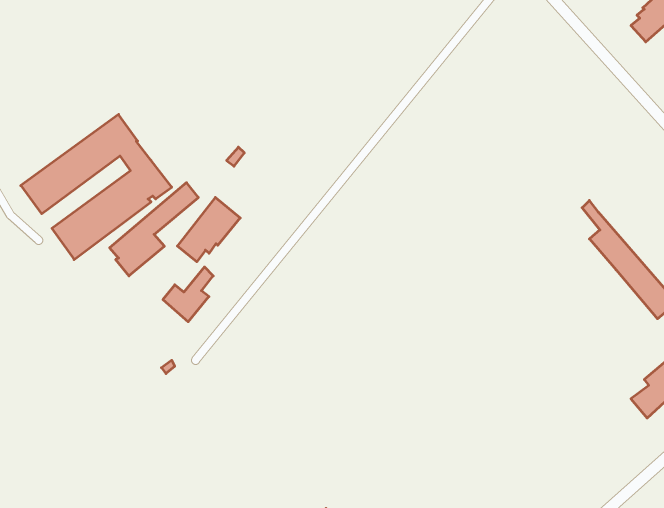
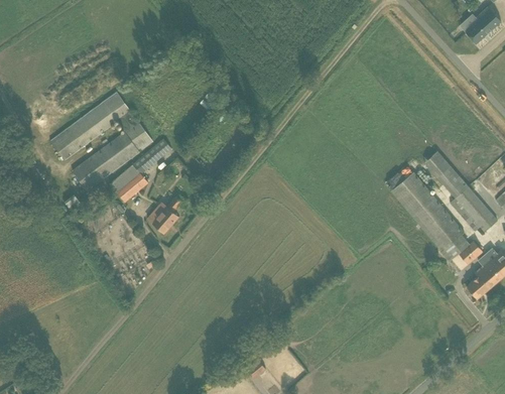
building: [177,197,240,262] -> none
building: none -> [390,171,483,264]

